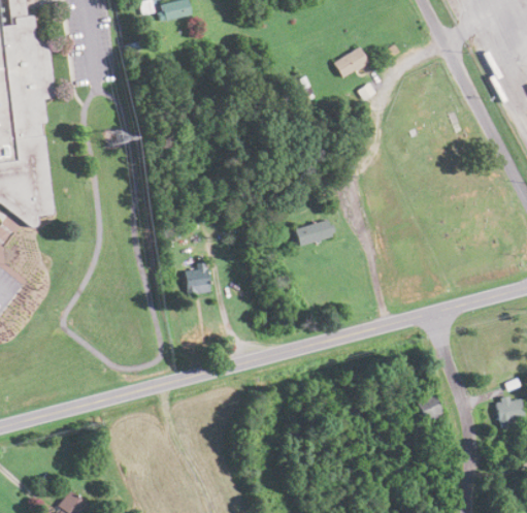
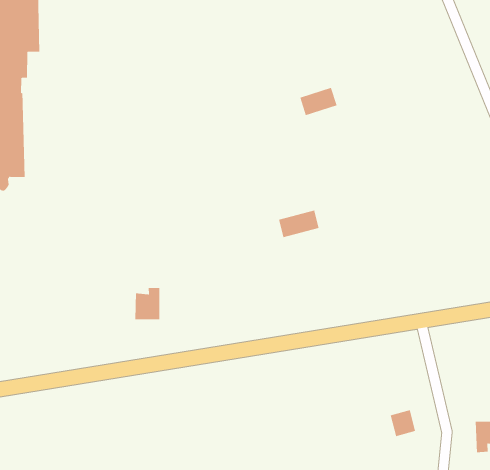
building: [330,47,366,76] -> [299,87,337,116]
building: [183,262,208,294] -> [135,287,160,320]

